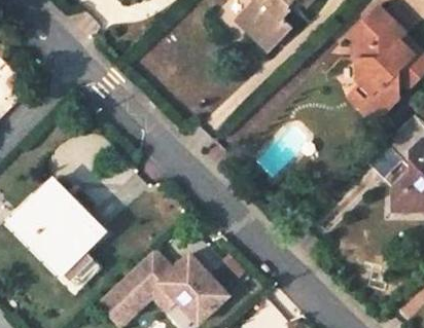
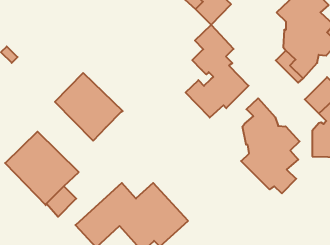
building: none -> [186,25,249,118]
building: none -> [55,73,123,141]
building: none -> [241,98,300,193]

